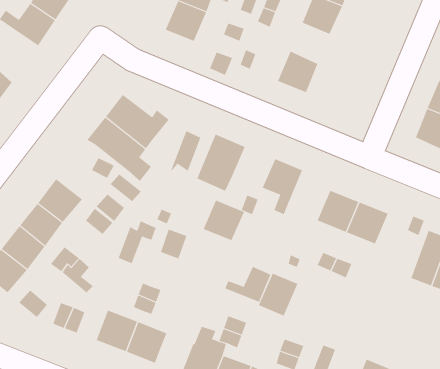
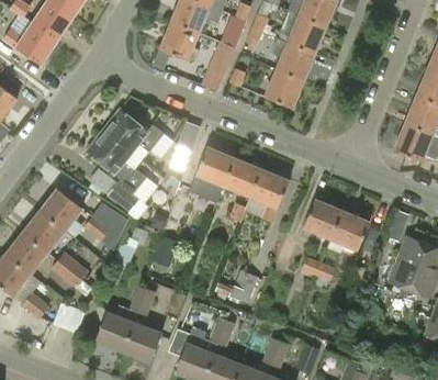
building: none -> [273,38,314,80]
building: [203,200,245,241] -> [223,158,262,197]
building: [258,273,298,316] -> none

